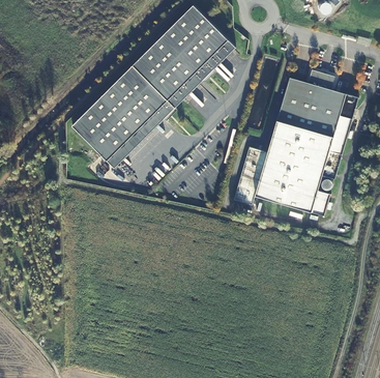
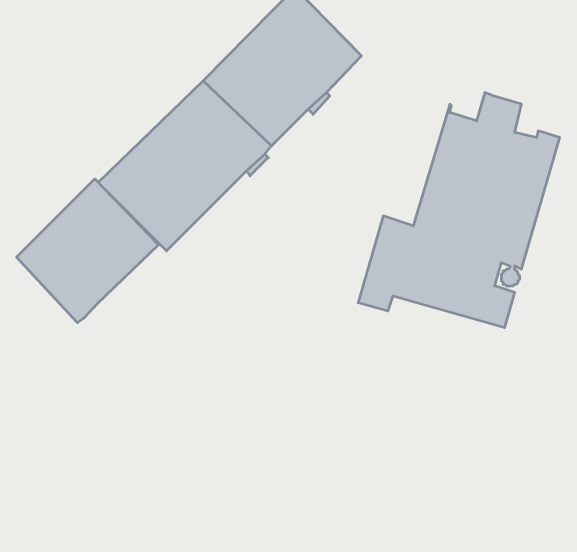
building: none -> [17,179,159,323]

